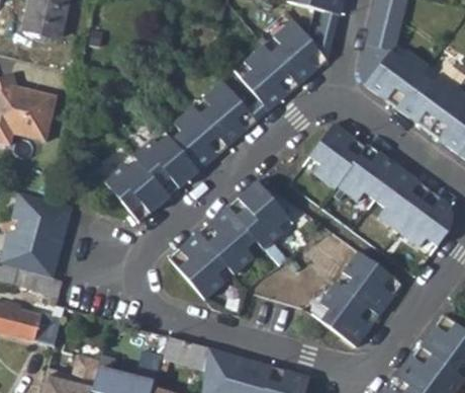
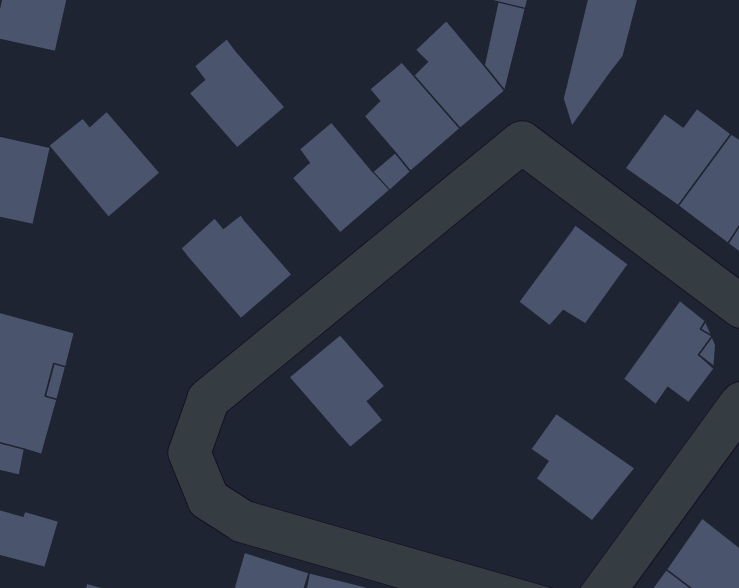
building: [364,51,427,108] -> none
building: [171,106,227,171] -> [189,39,285,148]
building: [307,123,364,189] -> none
building: [103,161,169,224] -> [49,111,160,217]
building: [372,165,428,233] -> none
building: [227,181,287,248] -> none
building: [166,232,224,302] -> none
building: [316,284,376,349] -> none

